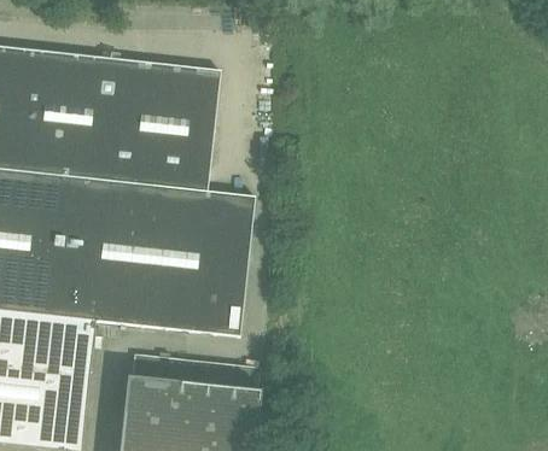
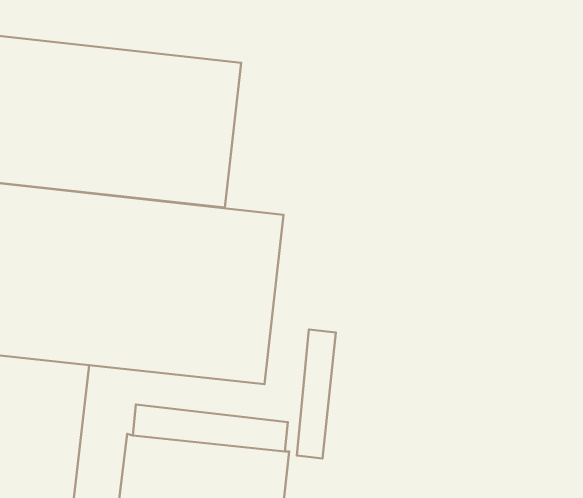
building: none -> [297,330,336,458]

